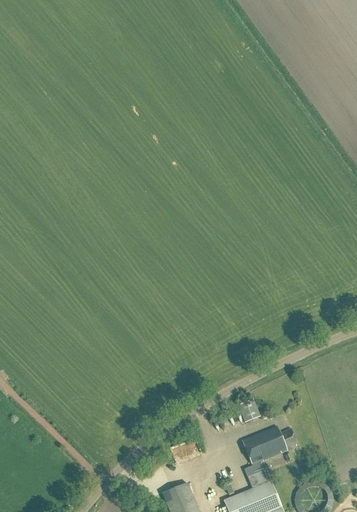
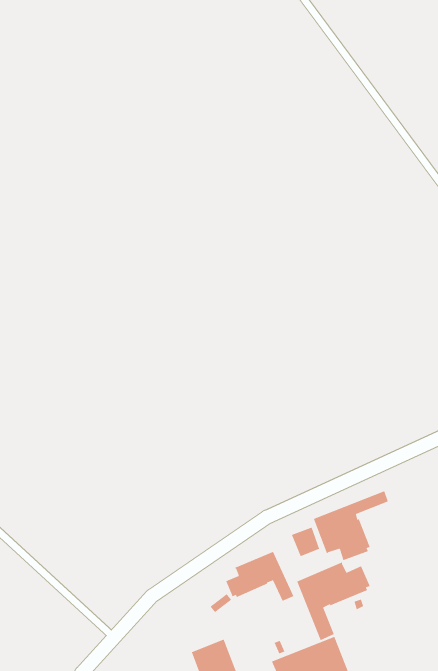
building: none -> [313,490,389,561]
building: none -> [225,551,295,602]

